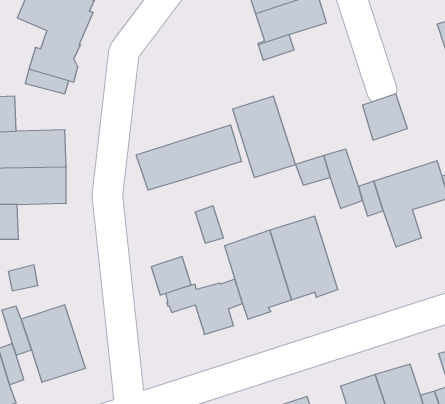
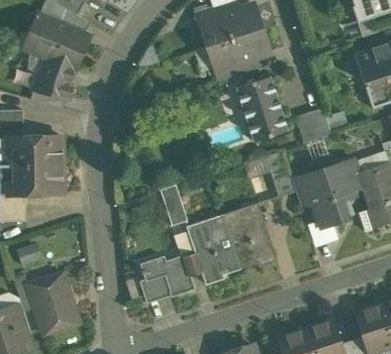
building: [232,96,295,177] -> [236,78,286,141]
building: [136,125,242,190] -> none
building: [151,256,191,295] -> [139,273,171,304]

